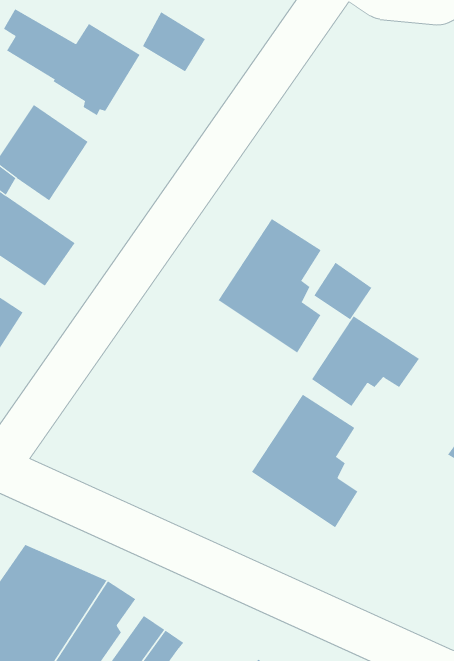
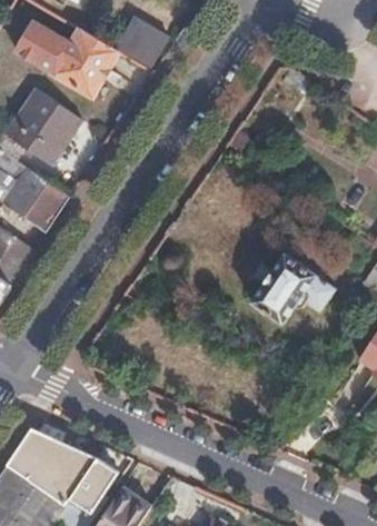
building: [218,218,321,354] -> none
building: [313,262,372,320] -> none
building: [251,394,358,528] -> none

